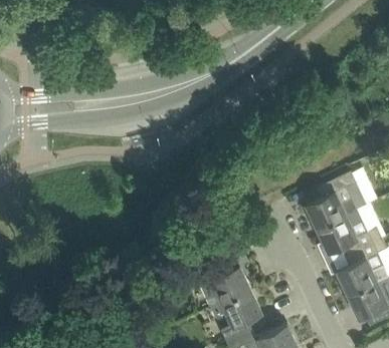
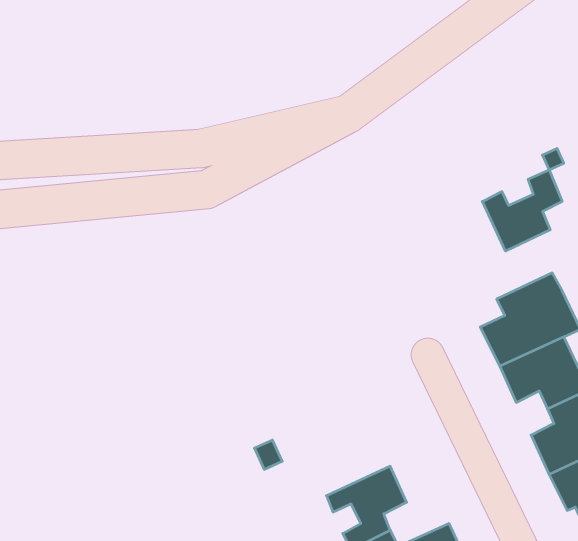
building: none -> [482,170,562,251]
building: [194,255,250,306] -> none

